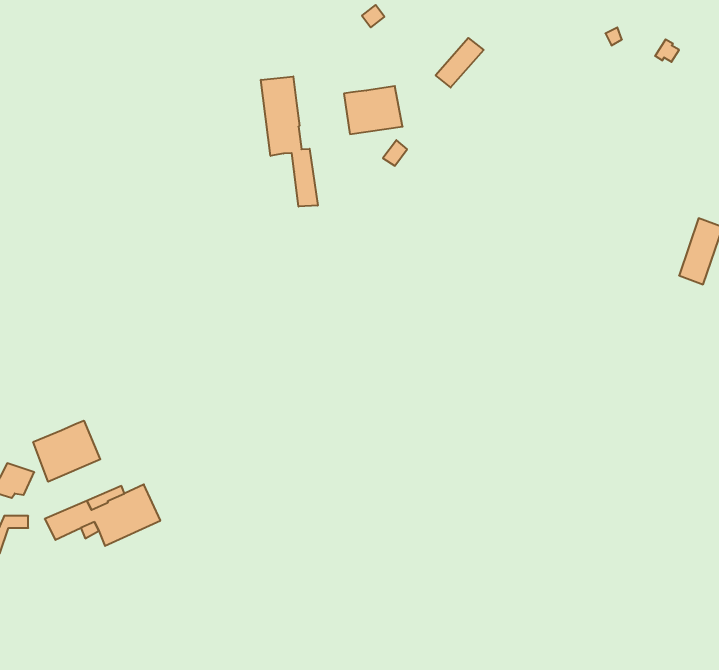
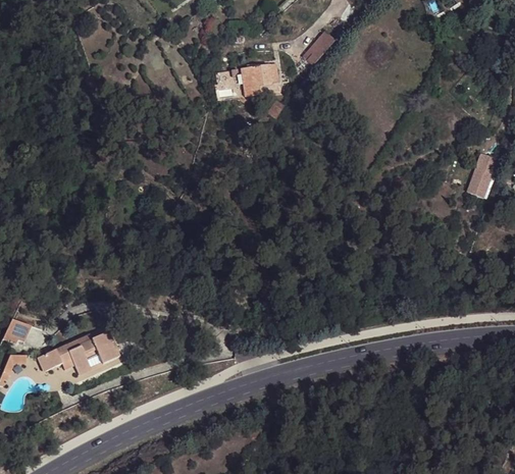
building: [261,76,318,207] -> none
building: [33,421,100,482] -> none

